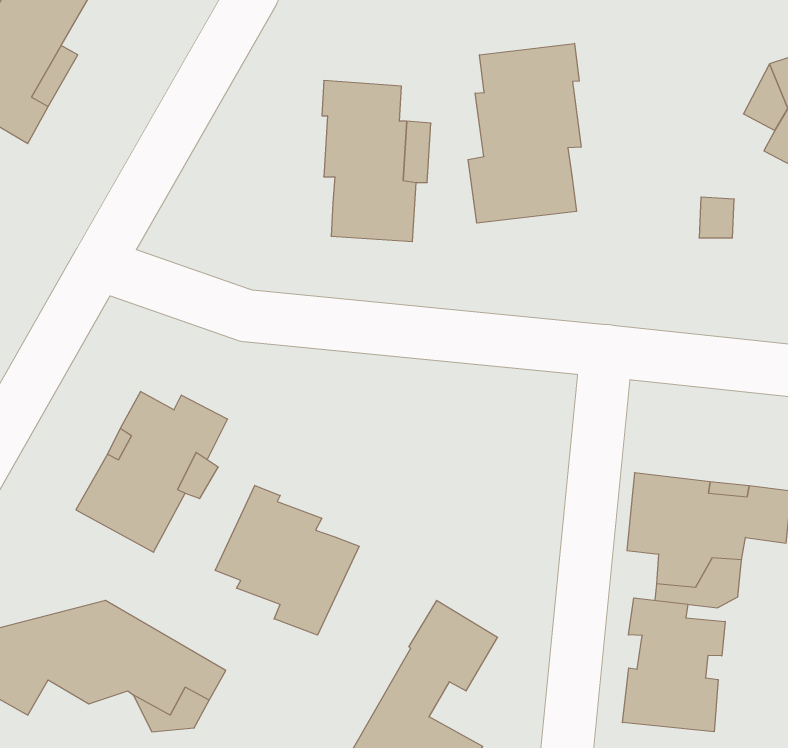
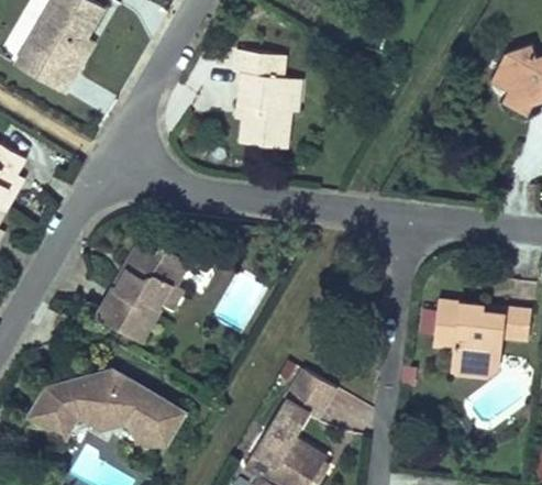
building: [468,43,581,223] -> none
building: [215,485,359,635] -> none
building: [622,598,725,732] -> none

